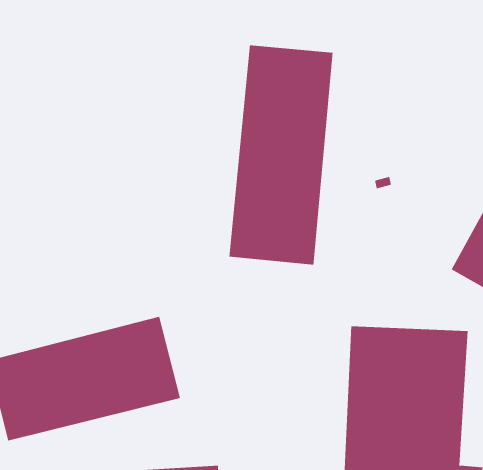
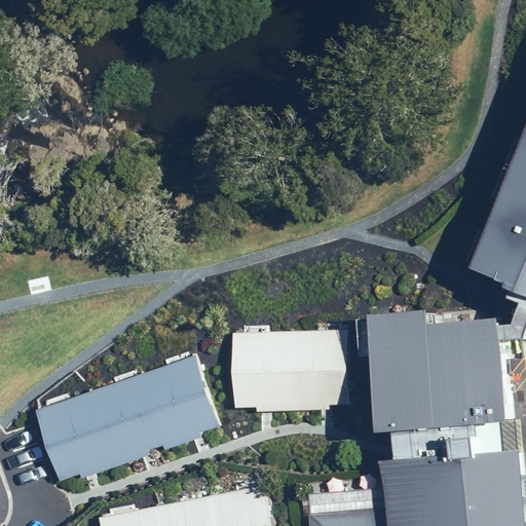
building: [229,45,333,266] -> none
building: none -> [227,327,346,408]

